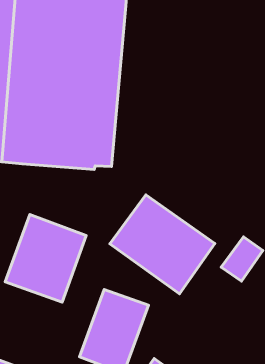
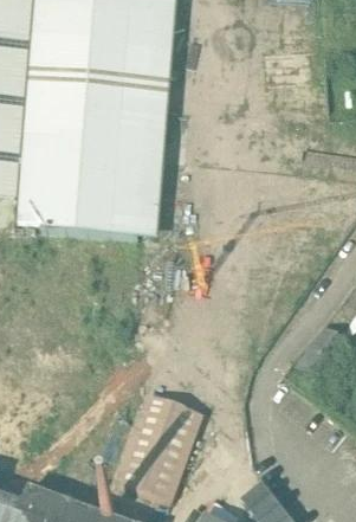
building: [110,195,215,294] -> none
building: [5,214,86,302] -> none

